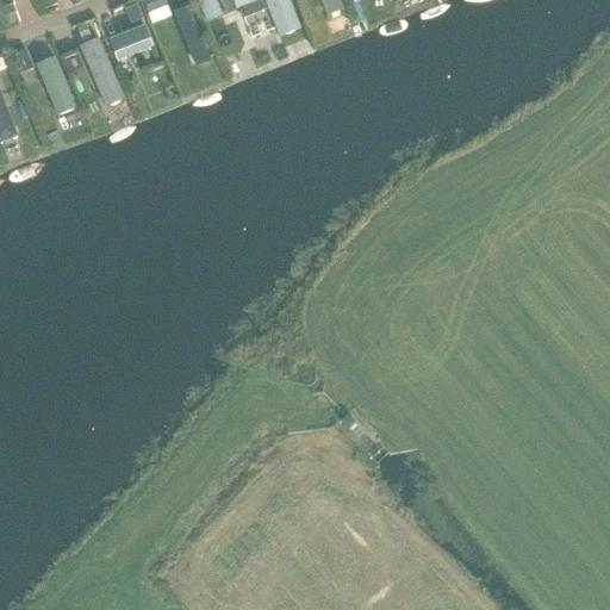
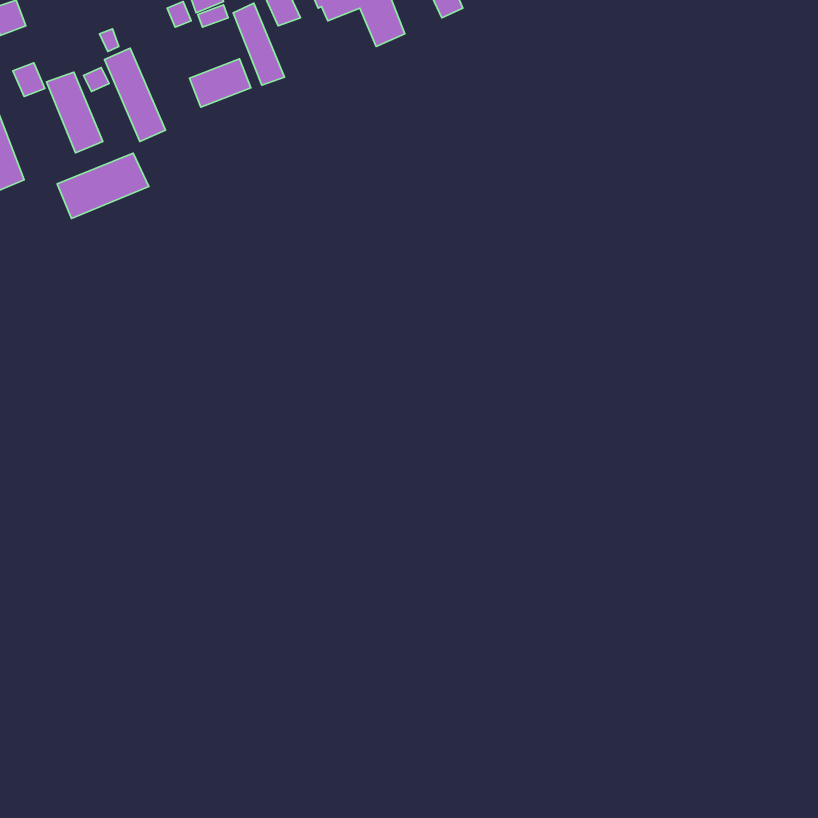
building: [107,21,152,57] -> [190,59,251,107]
building: none -> [57,153,149,219]

